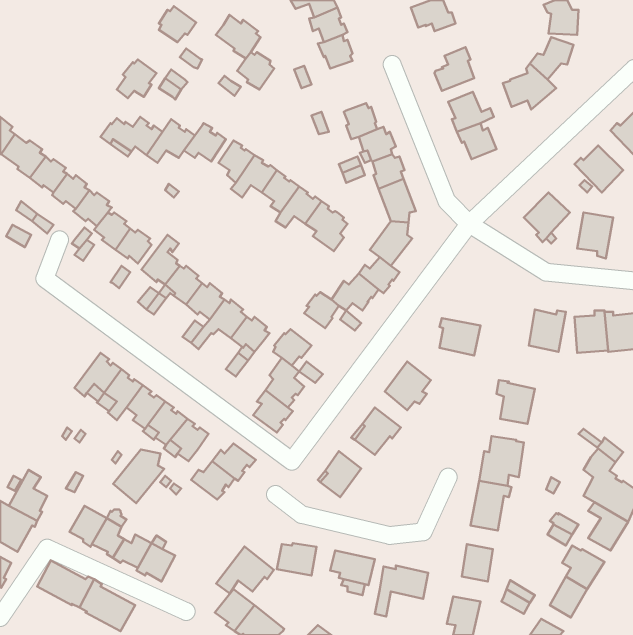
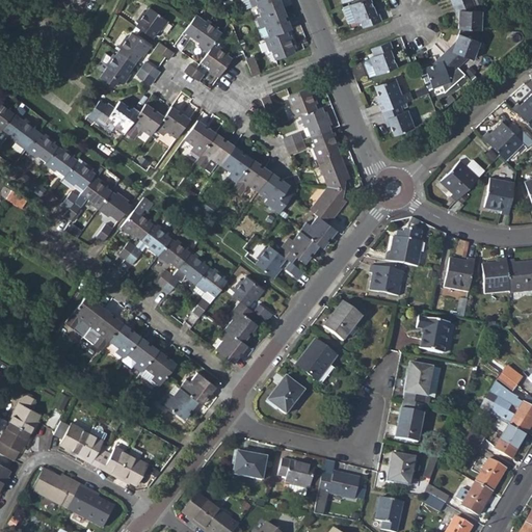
building: none -> [116,30,148,61]
building: none -> [384,230,422,268]
building: [113,450,164,503] -> none
building: [216,546,274,593] -> none

